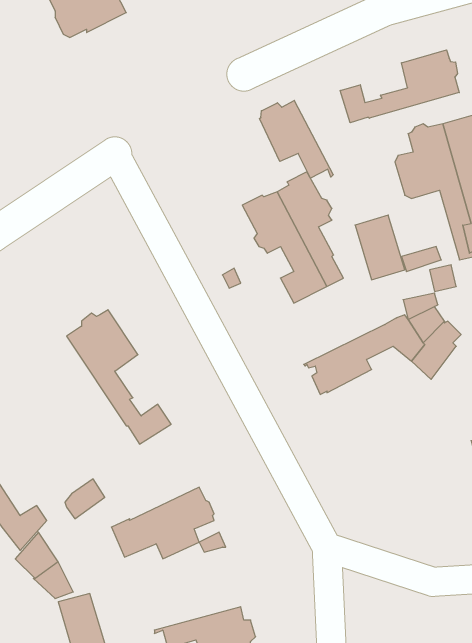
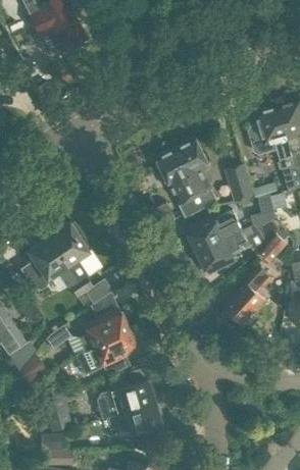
building: [340,50,459,123] -> none
building: [260,100,333,178] -> none
building: none -> [185,216,243,255]
building: none -> [19,238,84,298]
building: none -> [224,266,270,327]
building: none -> [80,309,129,351]
building: none -> [96,379,154,418]

